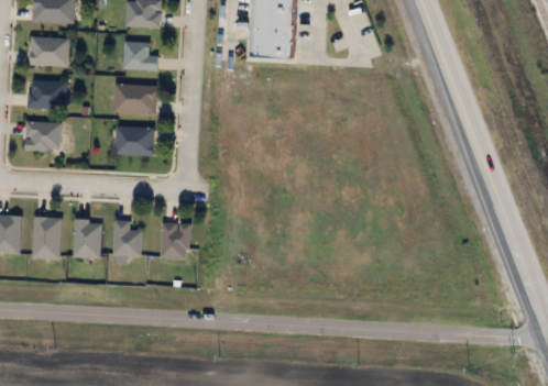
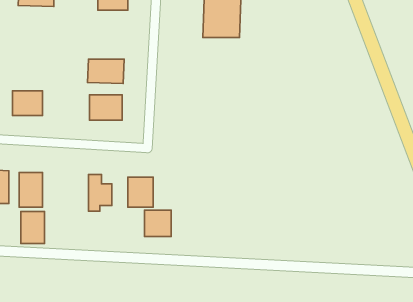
building: [30,36,68,65] -> none
building: [123,41,158,69] -> none
building: [28,79,66,108] -> none
building: [74,219,101,256] -> [21,212,44,244]
building: none -> [145,210,171,236]

